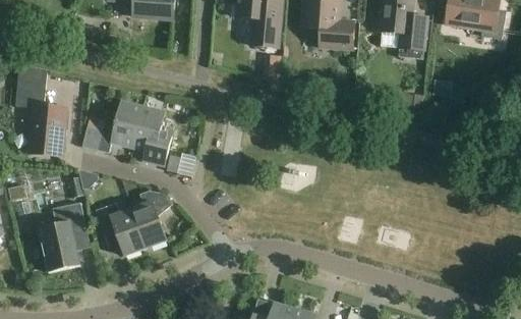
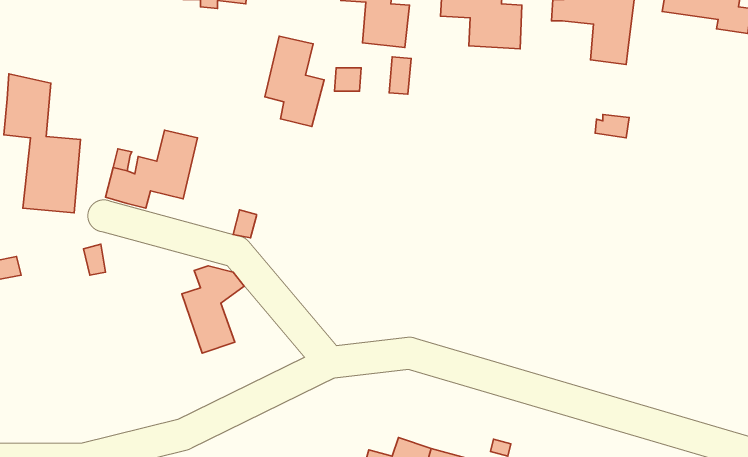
building: [132,107,171,166] -> [265,36,324,127]
building: [38,202,86,272] -> none
building: [95,203,144,256] -> none

